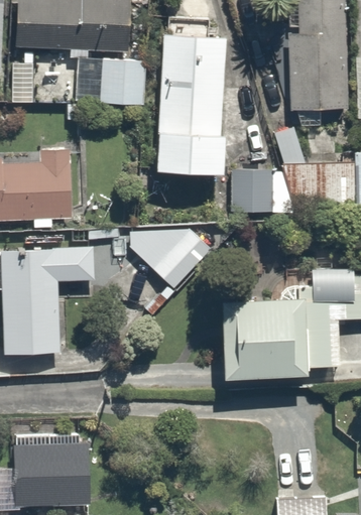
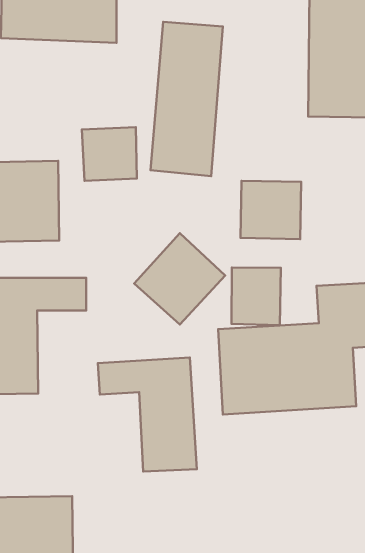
building: [101,58,148,105] -> [82,127,137,181]
building: none -> [231,267,281,325]
building: none -> [98,358,197,471]

